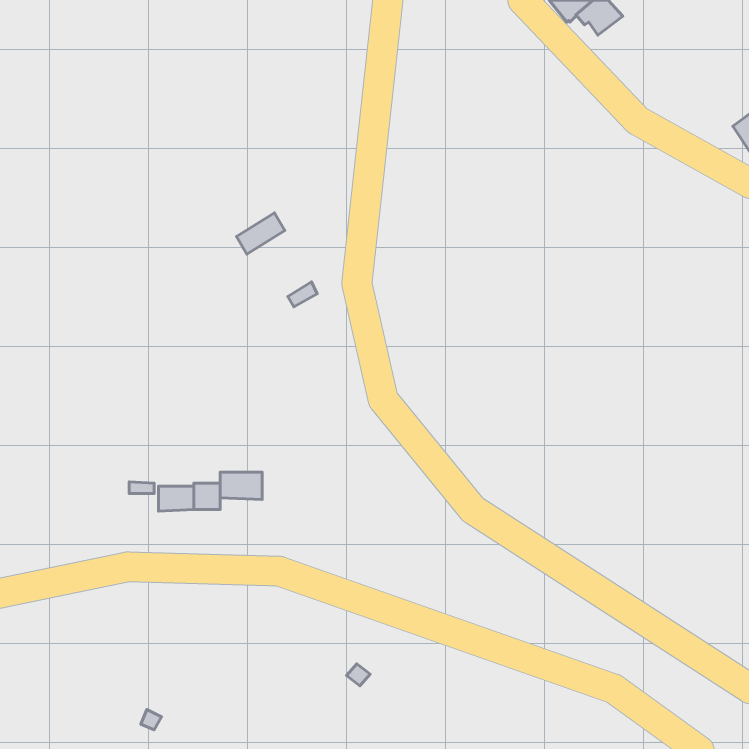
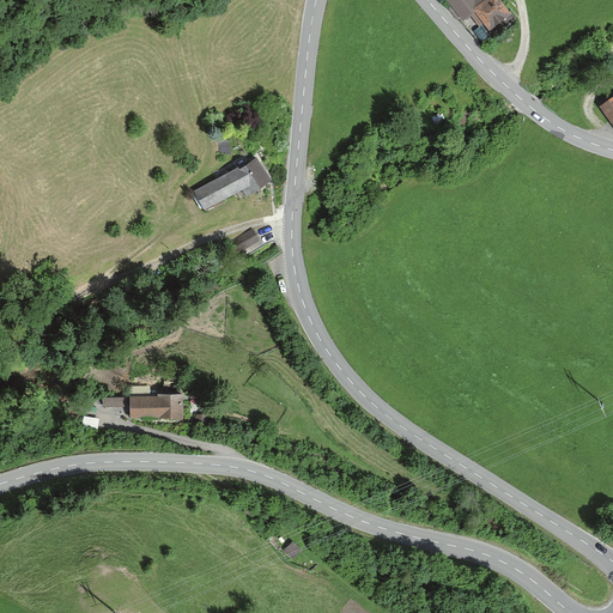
building: none -> [226,159,267,194]
building: [220,472,262,499] -> none

